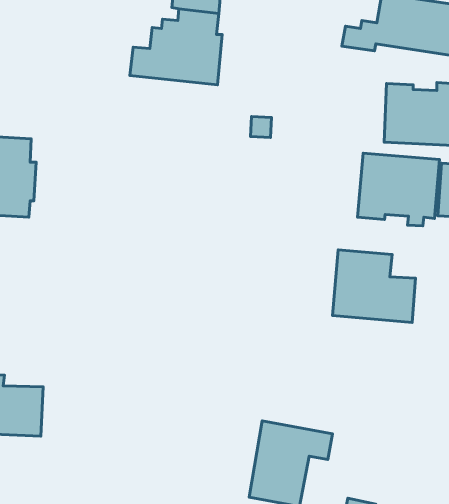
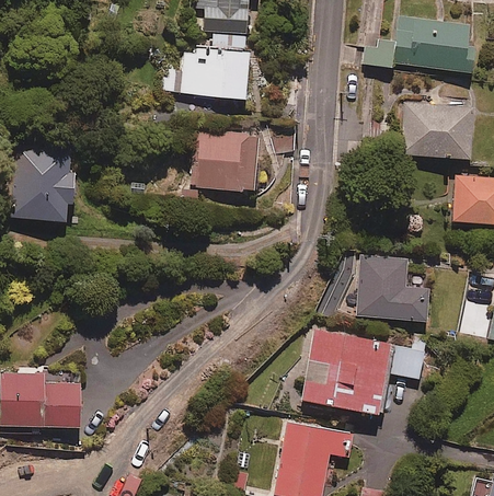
building: none -> [194,130,259,192]
building: [357,153,440,226] -> none
building: none -> [301,330,425,417]

